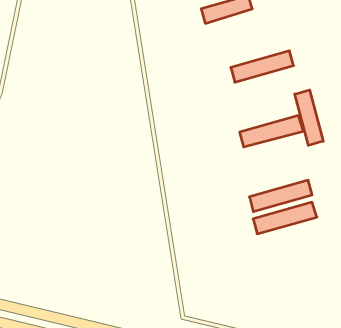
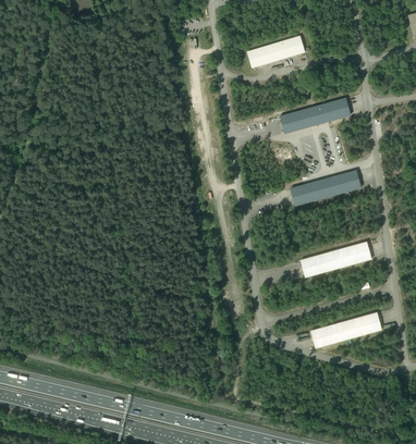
building: [295,90,323,145] -> none
building: [253,202,317,234] -> [310,312,381,347]

